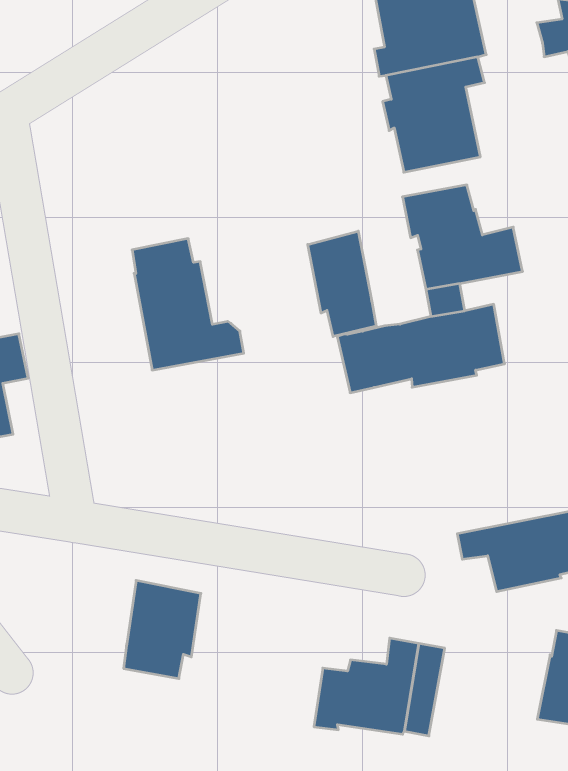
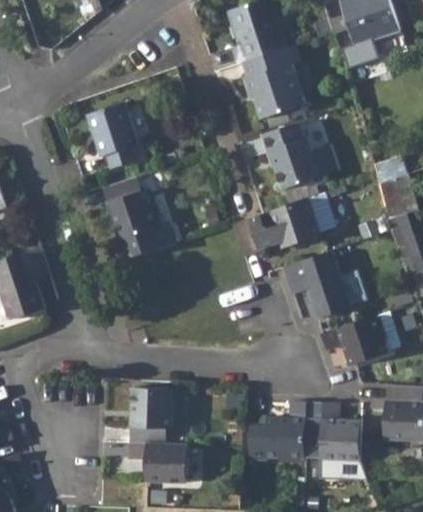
building: none -> [86,103,138,169]
building: [308,231,376,337] -> none
building: none -> [281,252,364,320]
building: none -> [317,404,358,462]
building: none -> [127,440,185,484]

